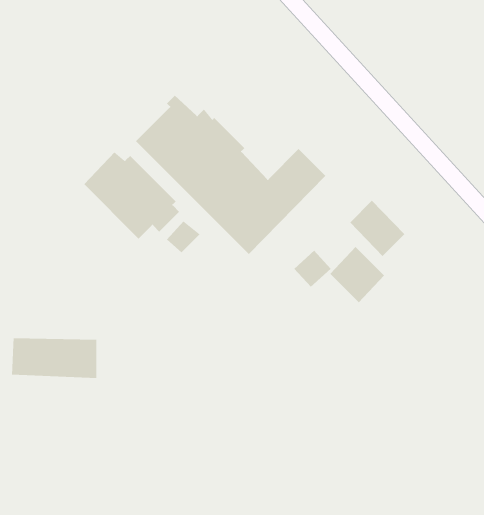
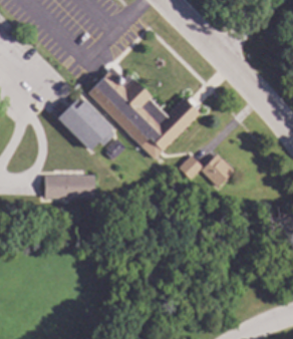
building: [349,200,405,257] -> none
building: [11,337,97,379] -> [43,176,93,200]

